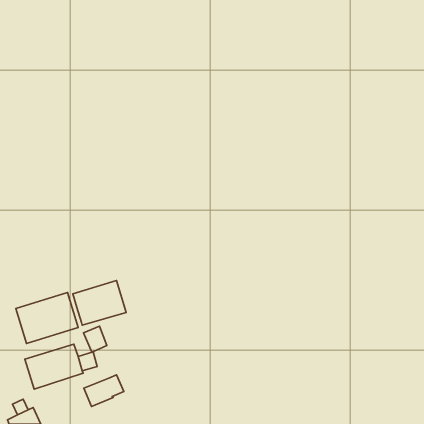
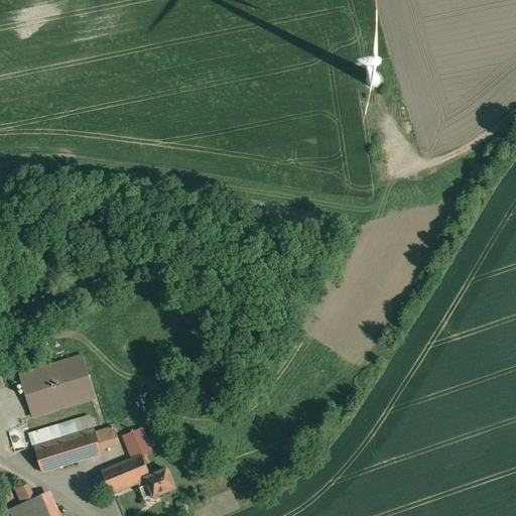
building: [73,280,126,325] -> none
building: [84,326,107,352] -> [122,427,150,459]
building: none -> [136,469,174,499]

